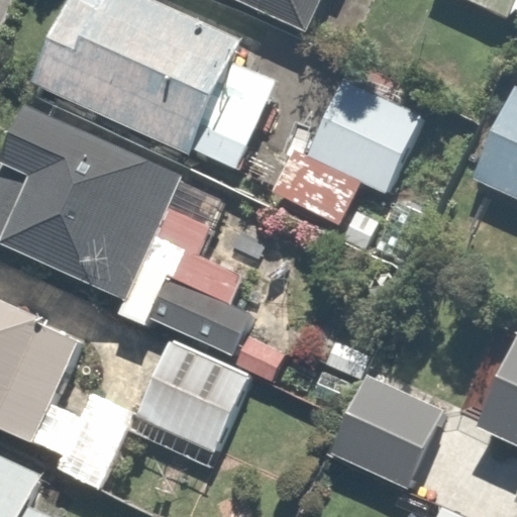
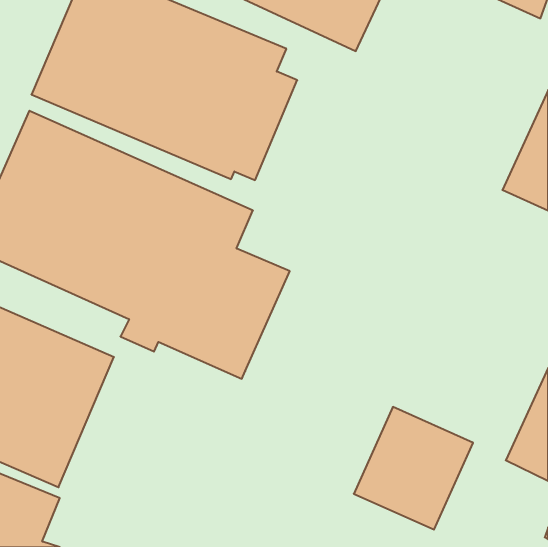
building: [267,63,427,220] -> none
building: [126,338,247,470] -> none

